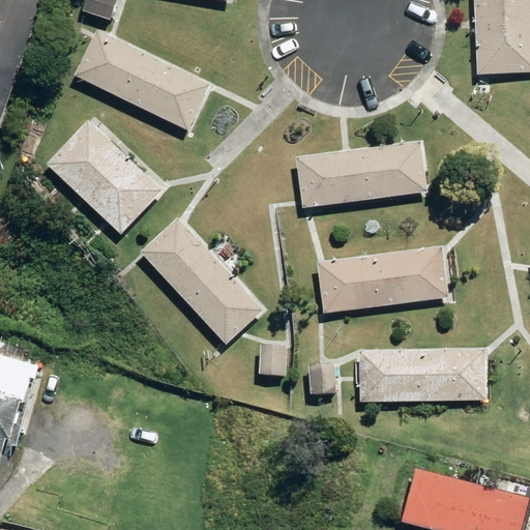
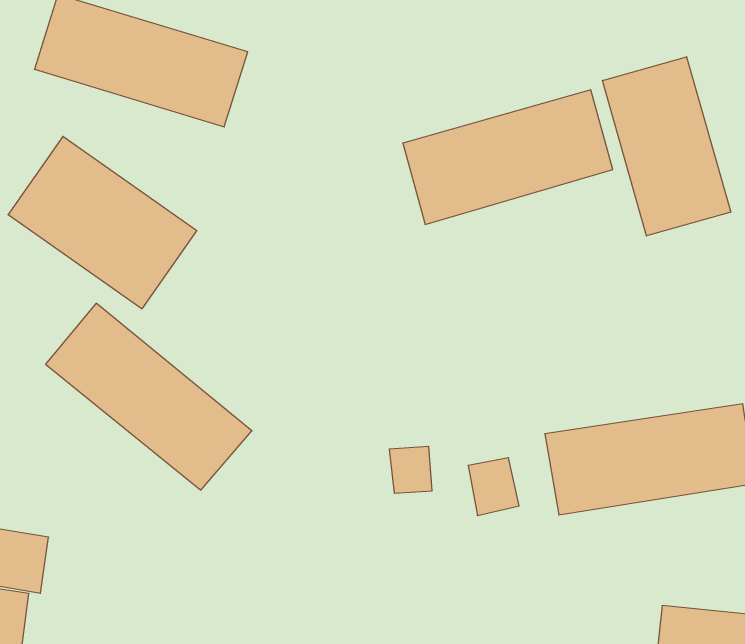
building: none -> [602,57,731,236]
building: [140,217,262,344] -> [46,303,252,490]
building: [318,246,448,313] -> none

